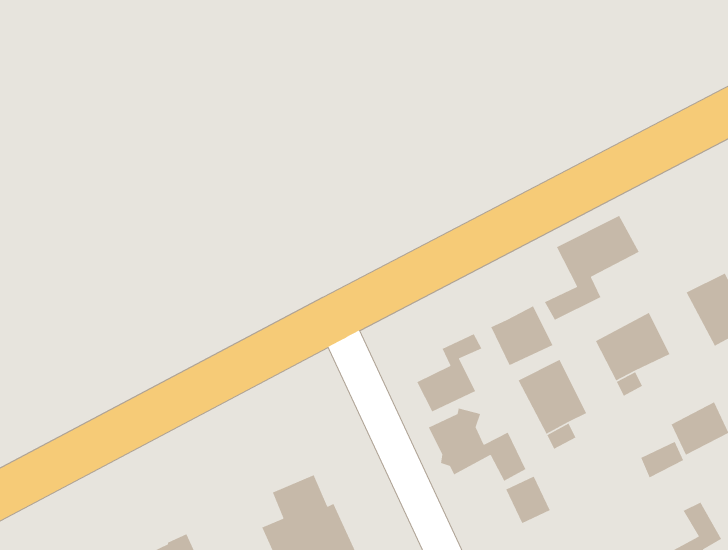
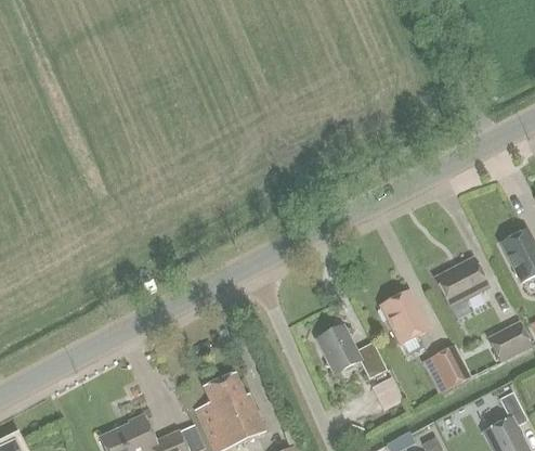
building: [544,215,640,321] -> none
building: [490,305,554,366] -> none
building: [416,333,482,413] -> none
building: none -> [431,345,469,388]

